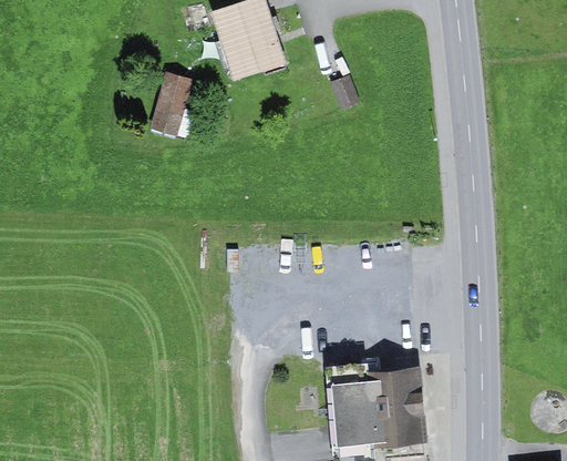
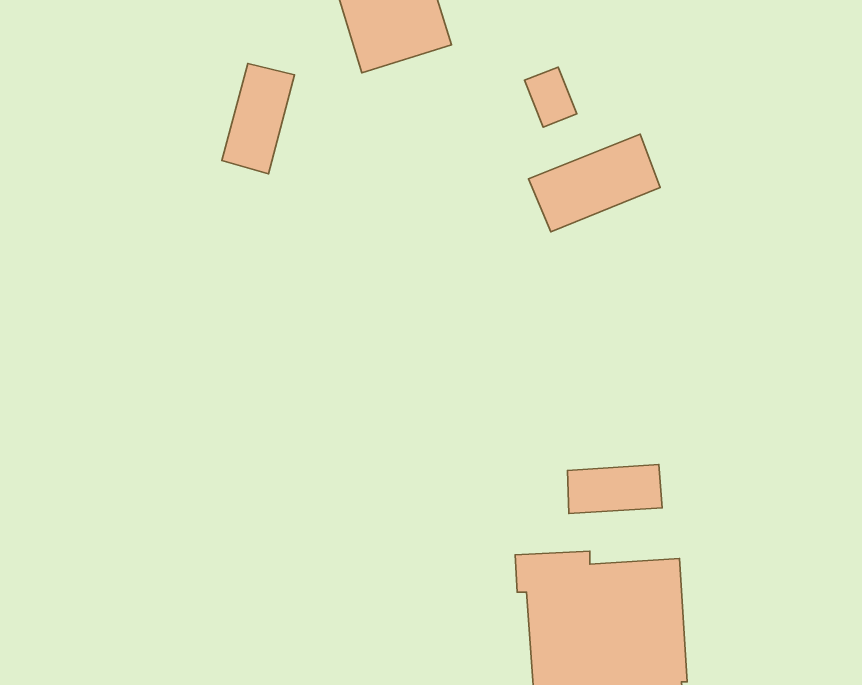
building: none -> [529,134,660,232]
building: none -> [567,464,662,513]

